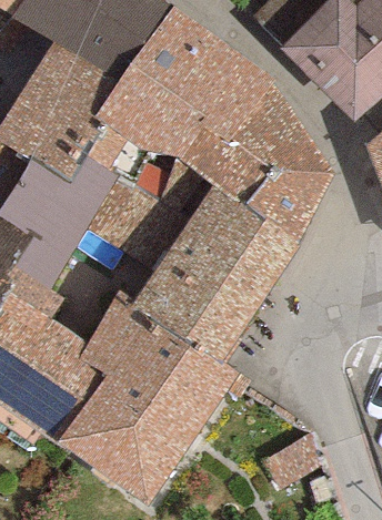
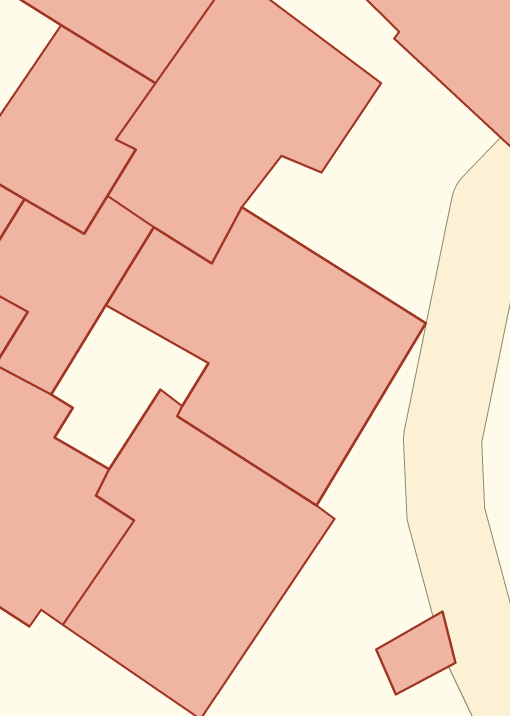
building: [177,78,334,238] -> none

